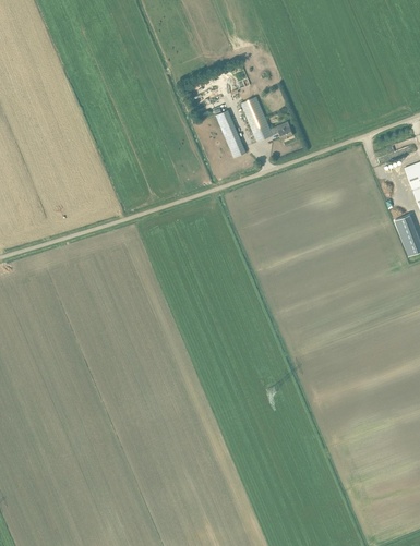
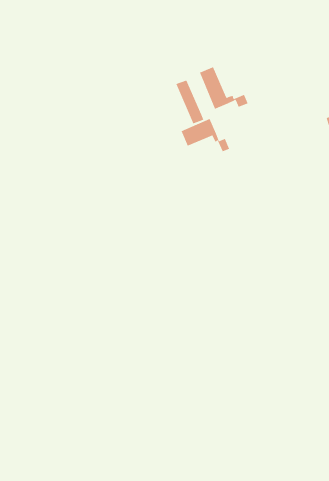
building: none -> [181,118,230,152]

